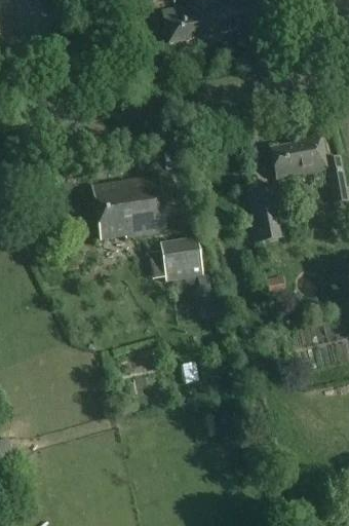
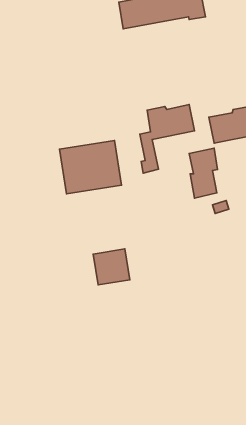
building: none -> [140,105,194,173]
building: [160,237,204,280] -> [93,249,130,285]

